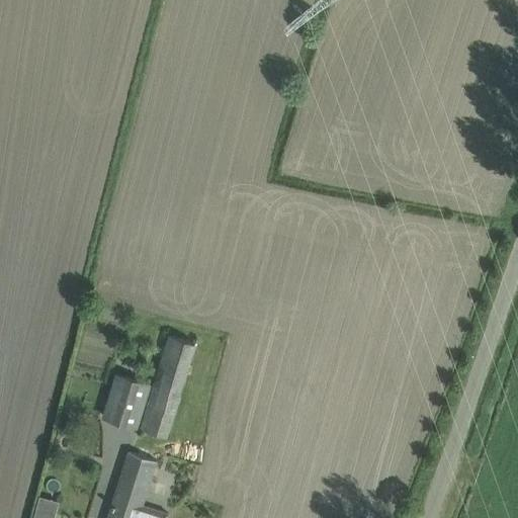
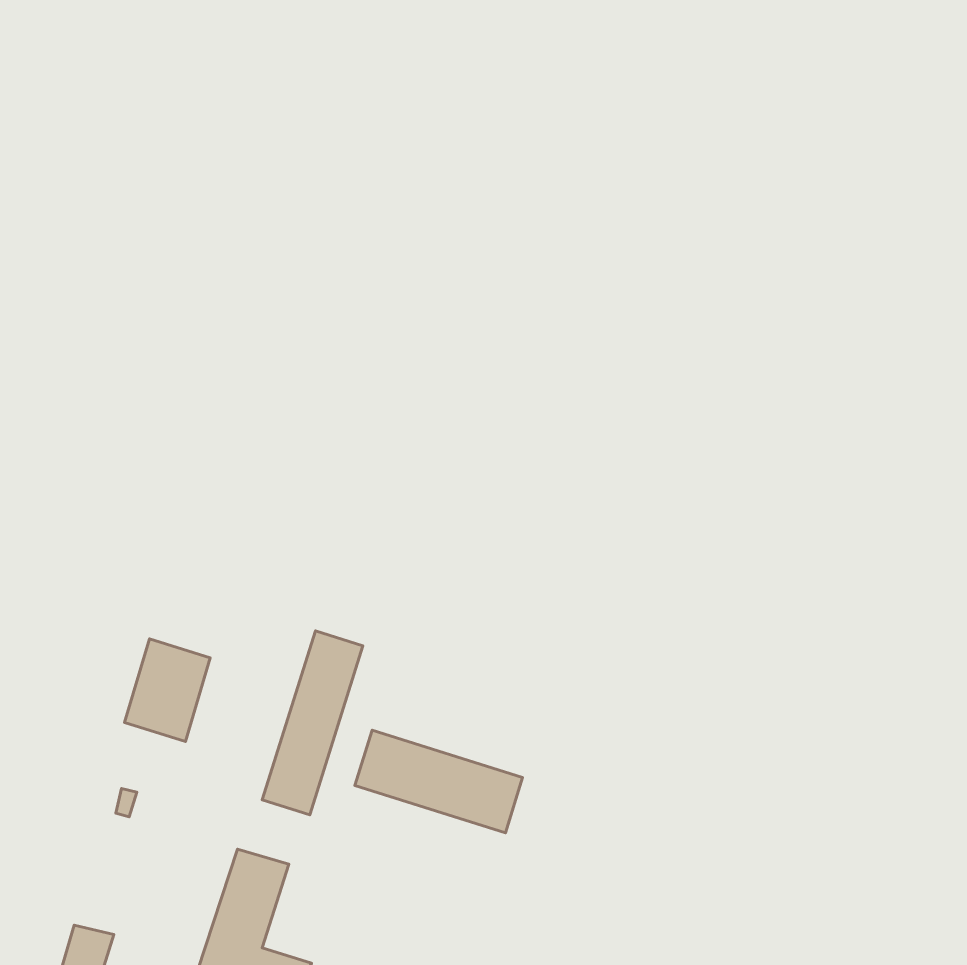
building: [103,376,149,431] -> [125,639,210,742]
building: none -> [355,730,523,833]

